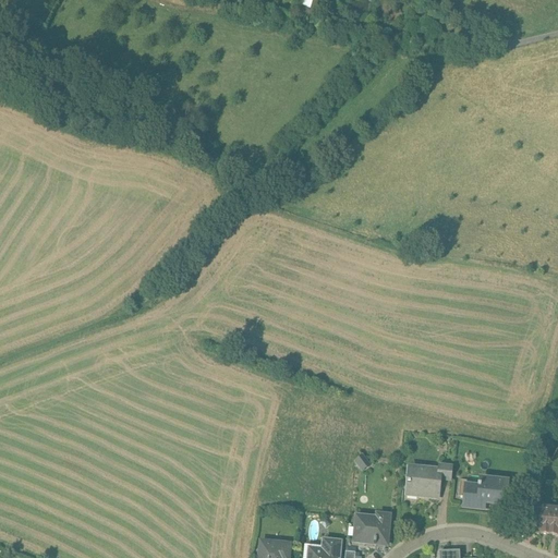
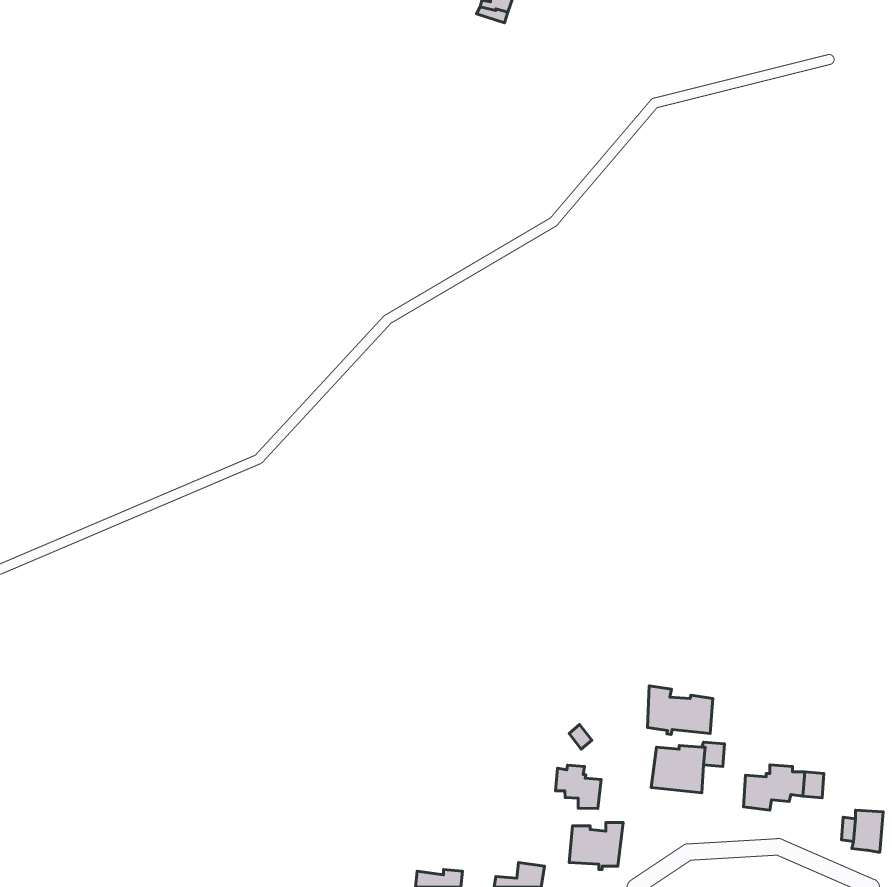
building: none -> [647,686,713,735]
building: none -> [555,765,601,808]

